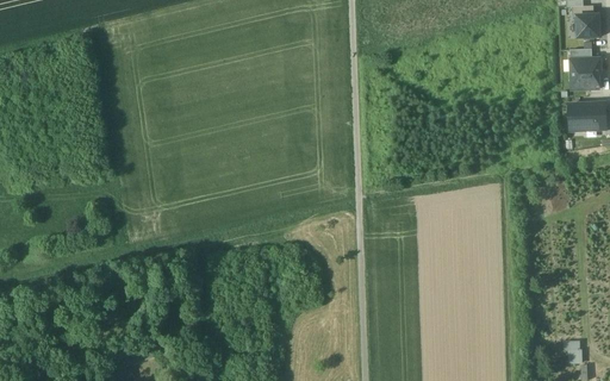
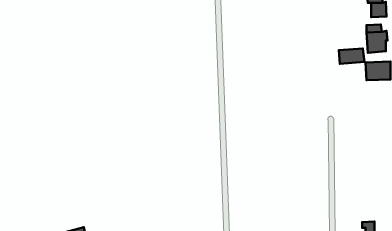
building: none -> [339,48,365,64]

